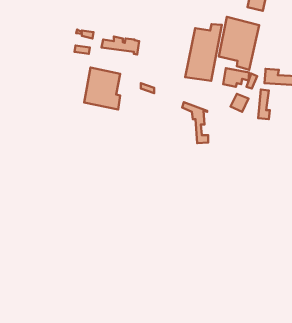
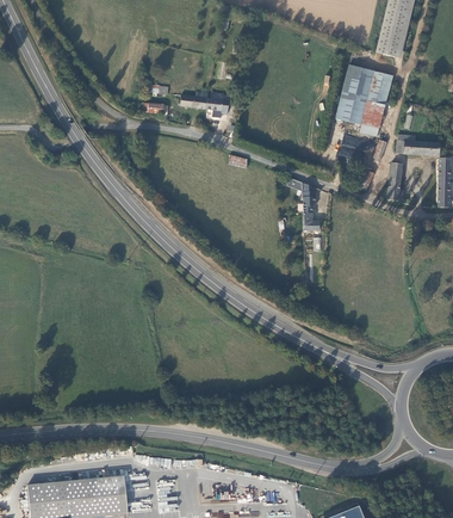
building: [185,24,222,81] -> none
building: [84,67,120,109] -> none

